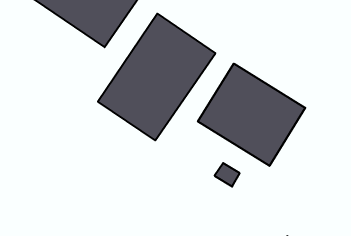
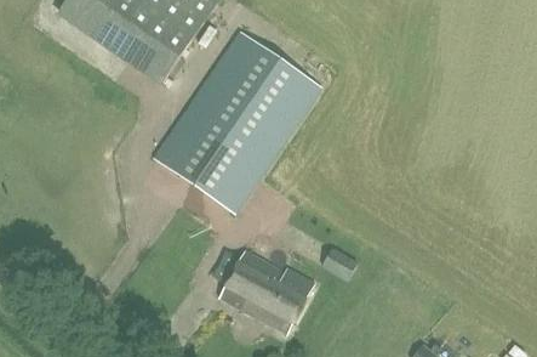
building: [198,64,305,166] -> none
building: none -> [217,251,313,335]

